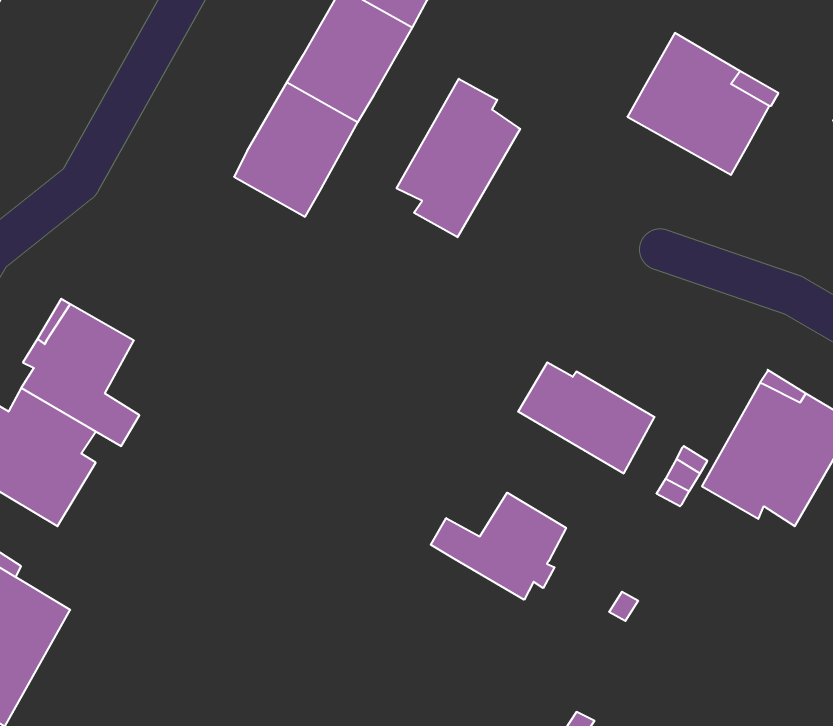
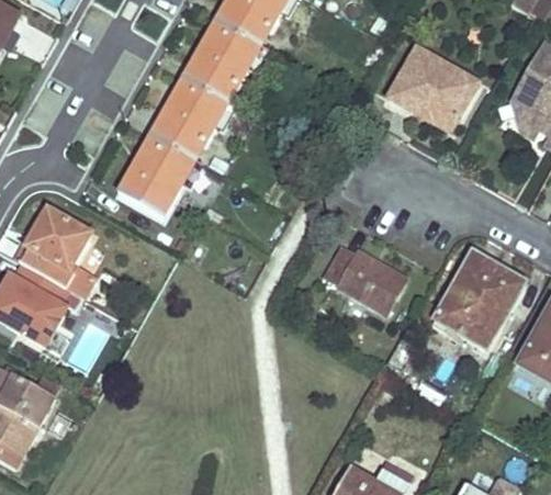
building: [397,79,520,237] -> none
building: none -> [117,134,194,216]
building: [431,493,566,600] -> none

